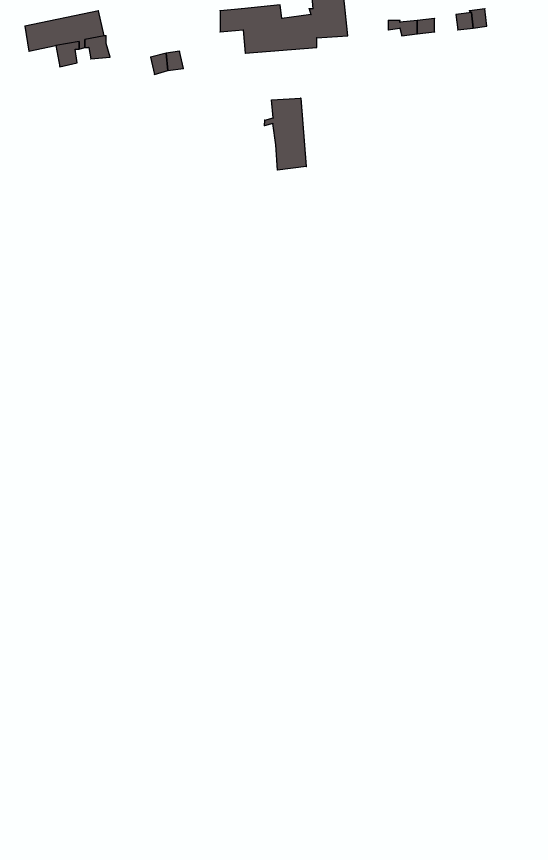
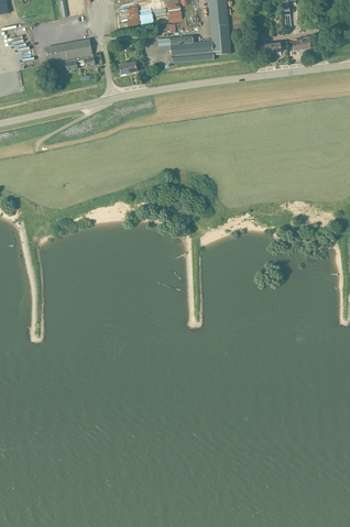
building: [264,98,306,170] -> none

